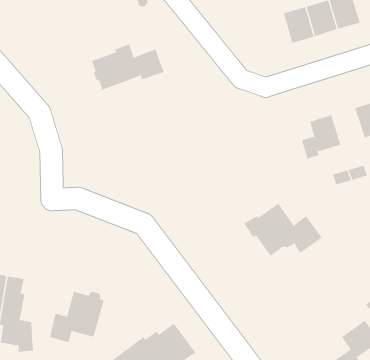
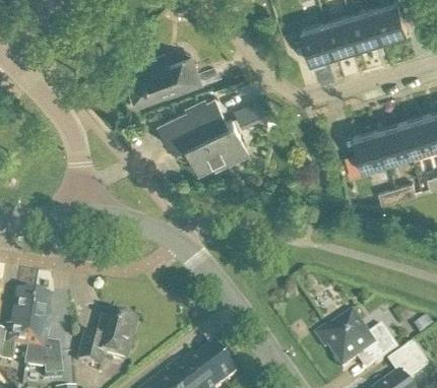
building: none -> [302,17,335,58]
building: none -> [157,94,247,169]
building: none -> [378,118,413,157]
building: [243,203,323,256] -> [315,312,399,369]

